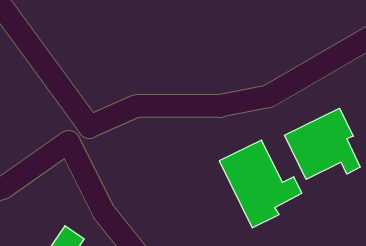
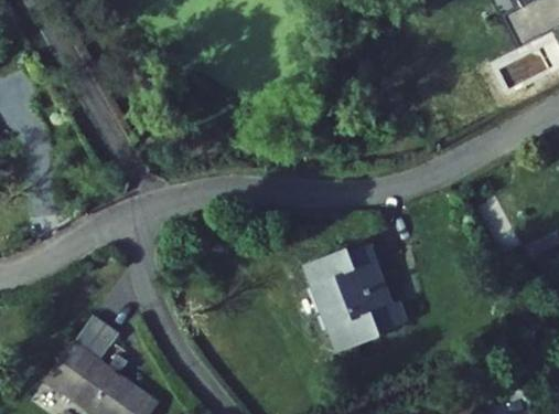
building: [285,108,360,179] -> none

